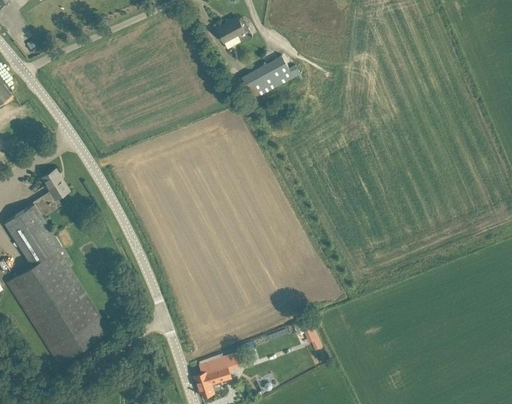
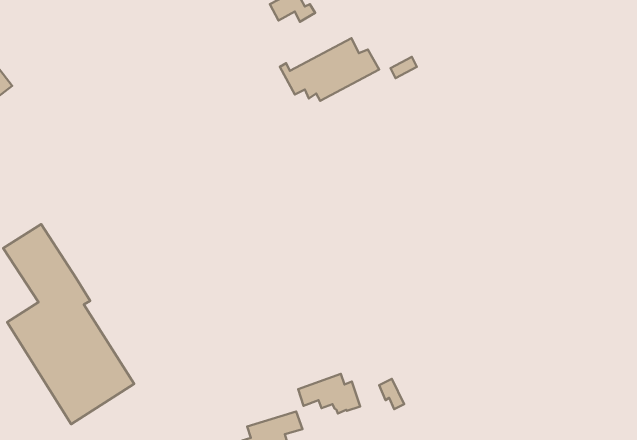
building: [33,169,68,216] -> none
building: none -> [298,374,360,413]

